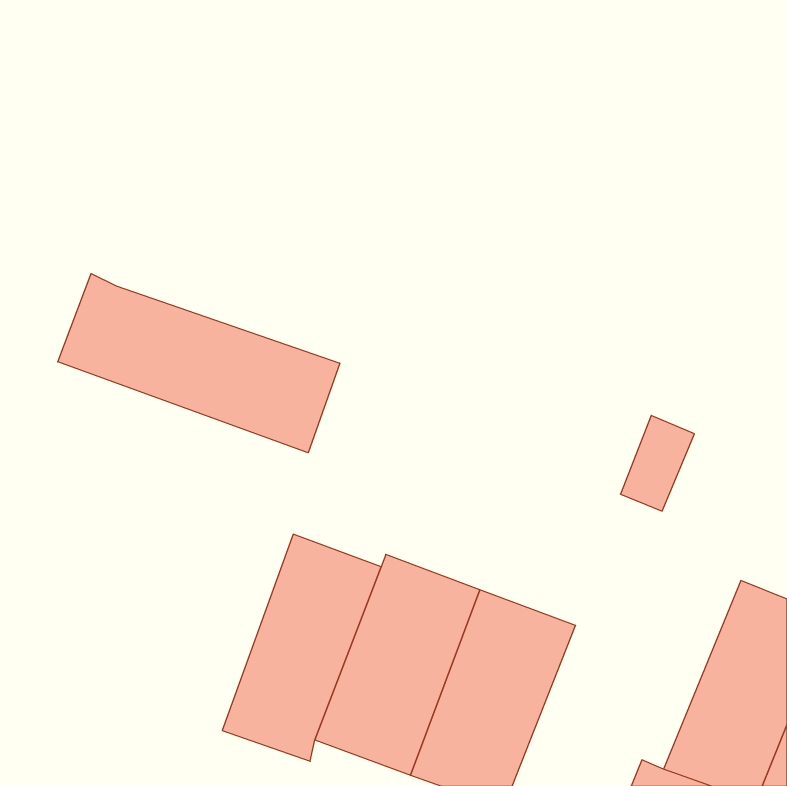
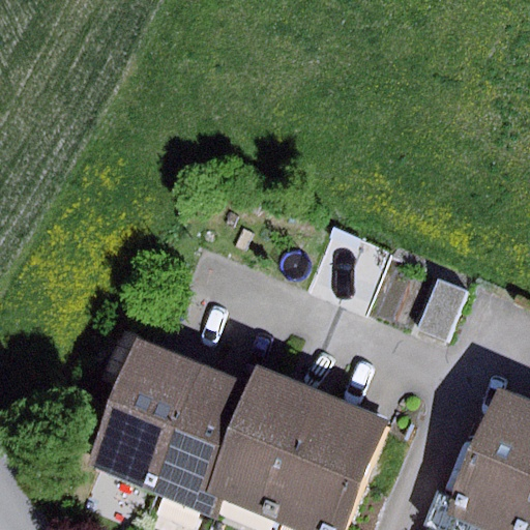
building: [58,274,340,453] -> none
building: none -> [89,337,197,490]

